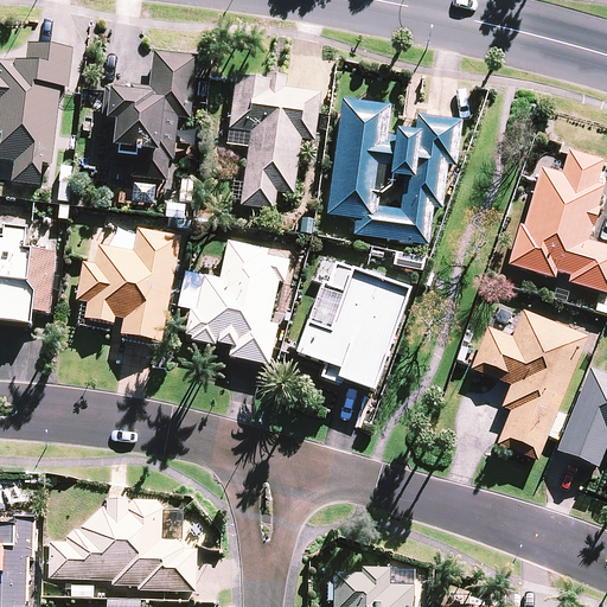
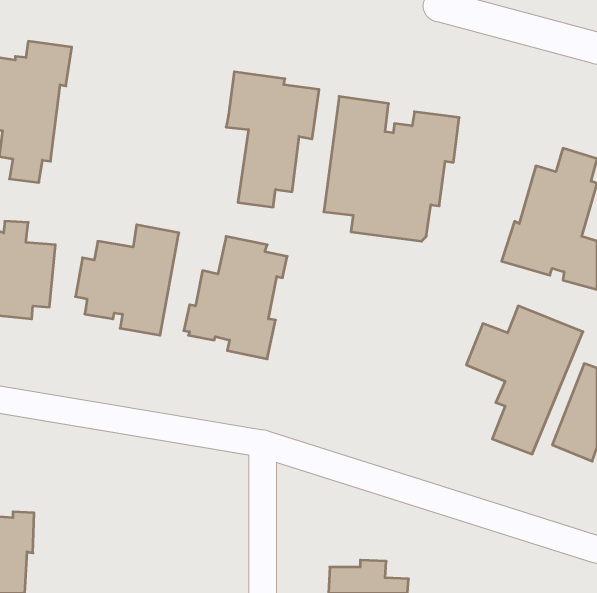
building: [100,50,198,180] -> none
building: [298,261,410,388] -> none
building: [47,499,196,592] -> none

